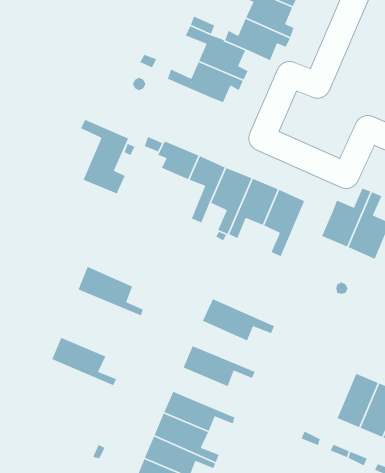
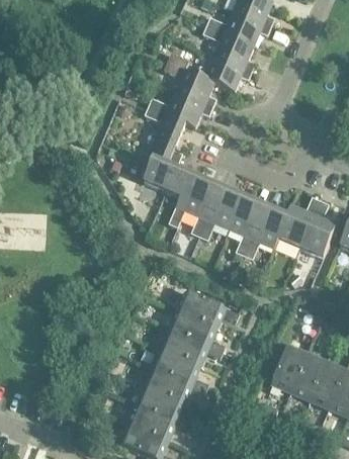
building: [80,119,129,195] -> [144,105,185,169]
building: none -> [244,207,286,259]
building: [78,266,144,316] -> [169,308,225,351]
building: [51,337,117,386] -> [153,348,208,389]
building: none -> [271,344,307,390]

